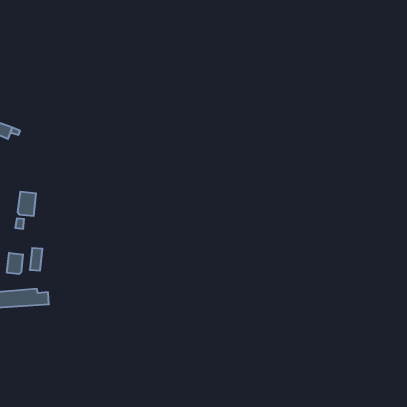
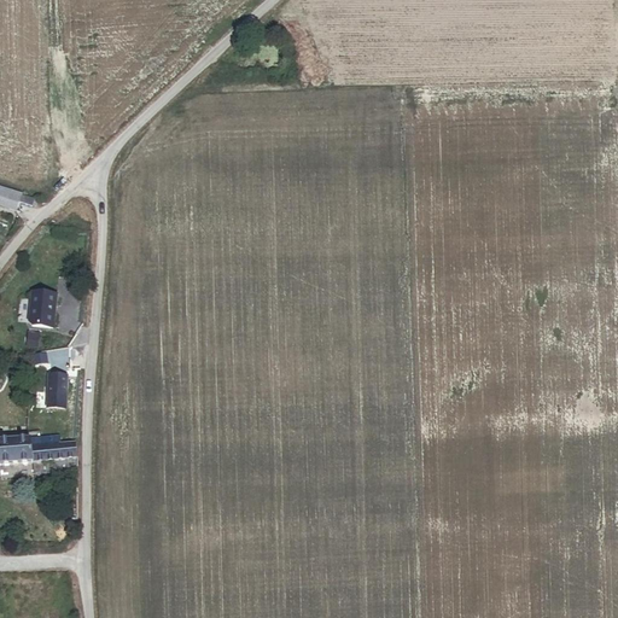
building: [7,253,23,274] -> none

